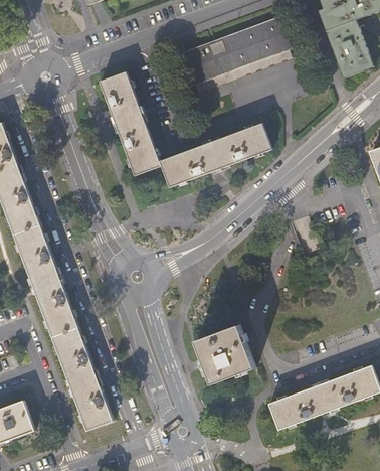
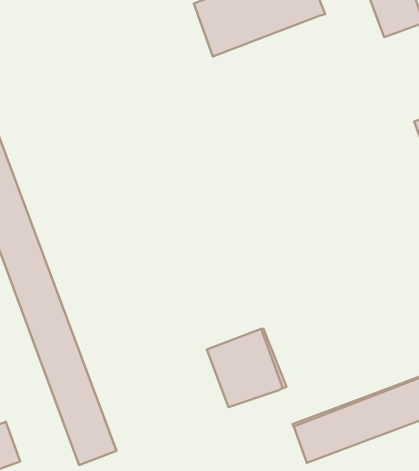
building: [97,66,274,189] -> none

